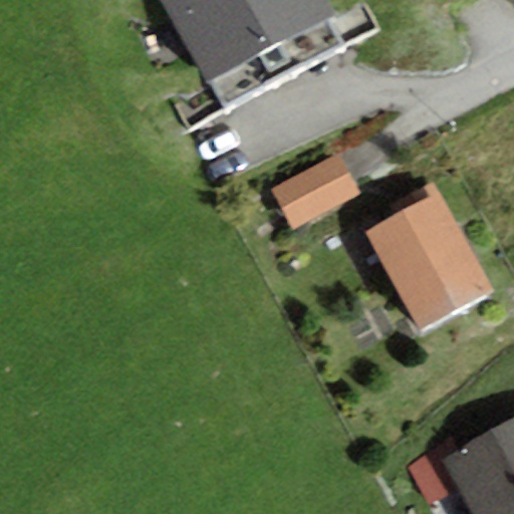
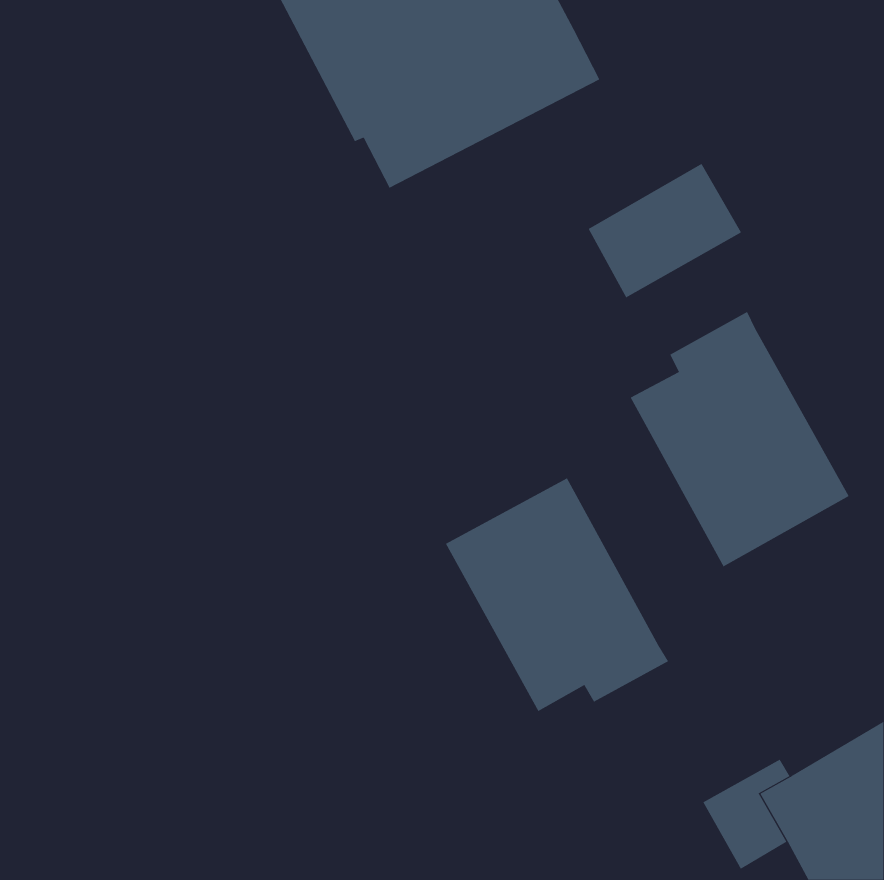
building: [271,152,360,230] -> [588,163,742,298]
building: none -> [445,477,669,712]

